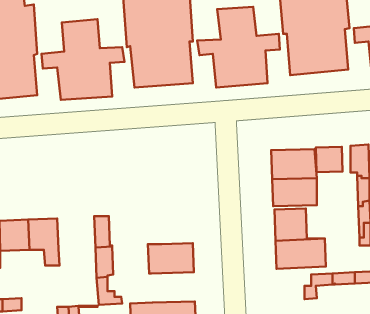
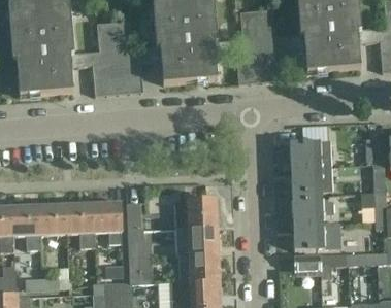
building: [316,147,342,172] -> none
building: none -> [174,198,217,227]
building: none -> [92,201,121,243]
building: none -> [178,252,219,280]
building: none -> [294,254,326,275]

